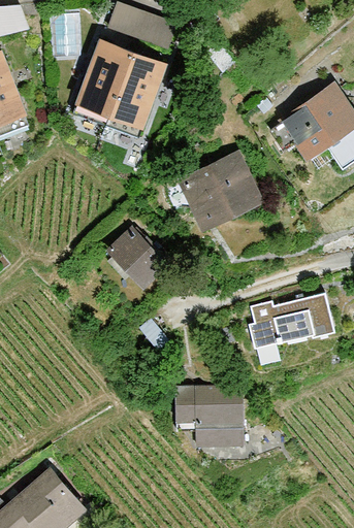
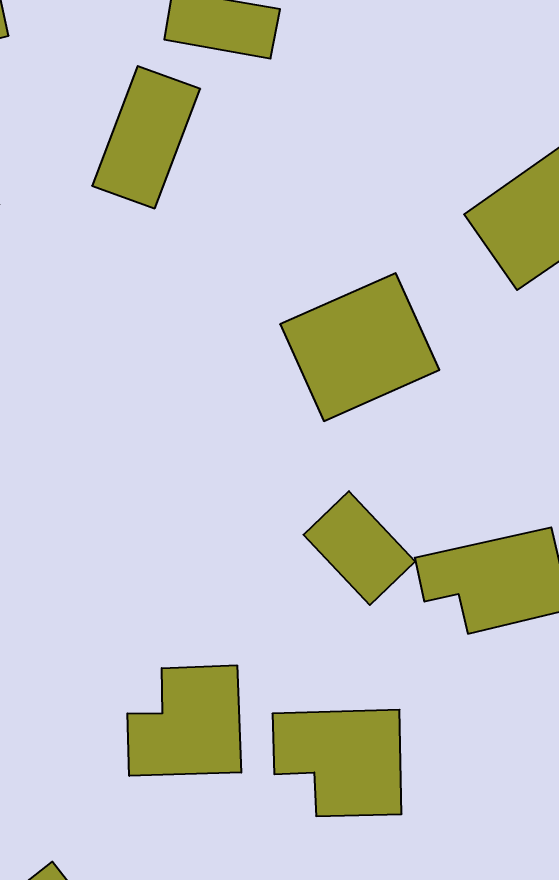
building: [109,53,166,130] -> none
building: [107,229,168,291] -> [303,491,415,605]
building: none -> [127,665,241,776]

